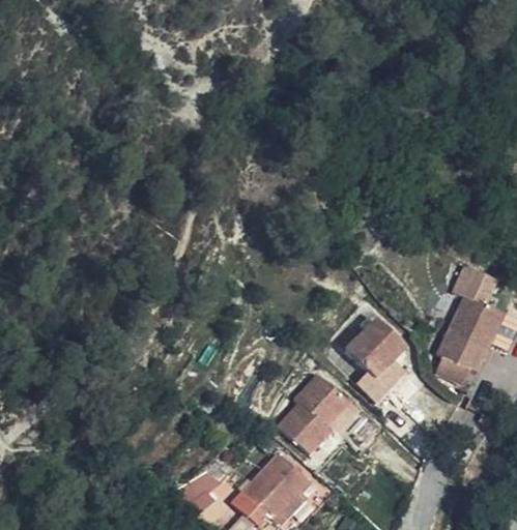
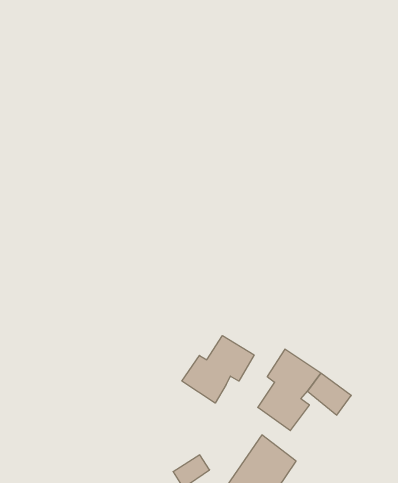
building: [345,318,406,407] -> none
building: none -> [182,336,254,403]

